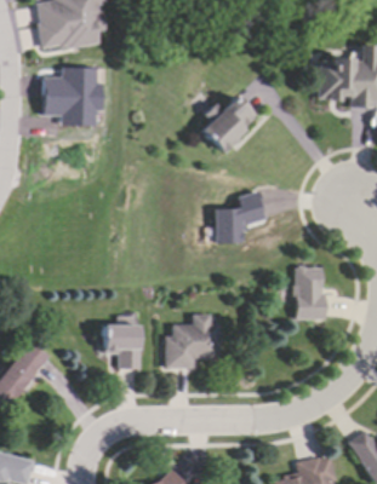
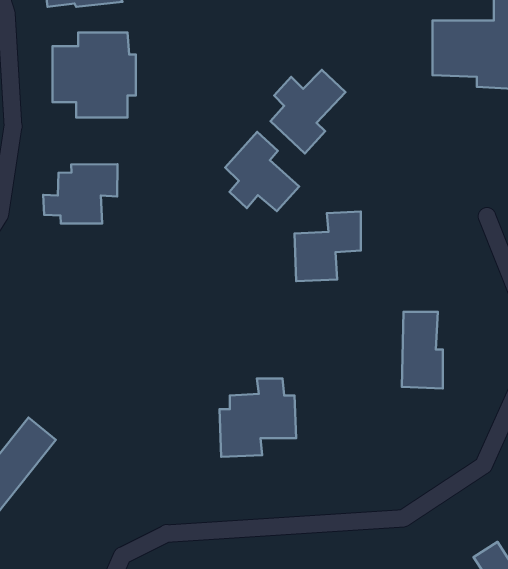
building: none -> [225,132,299,211]
building: none -> [43,164,117,224]
building: [102,325,142,368] -> none

